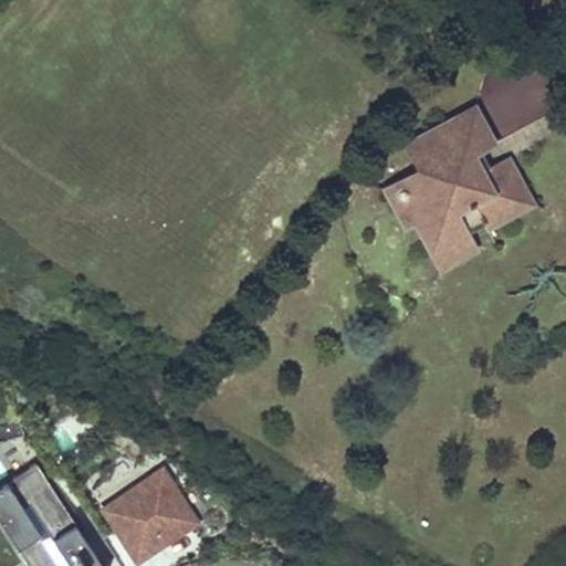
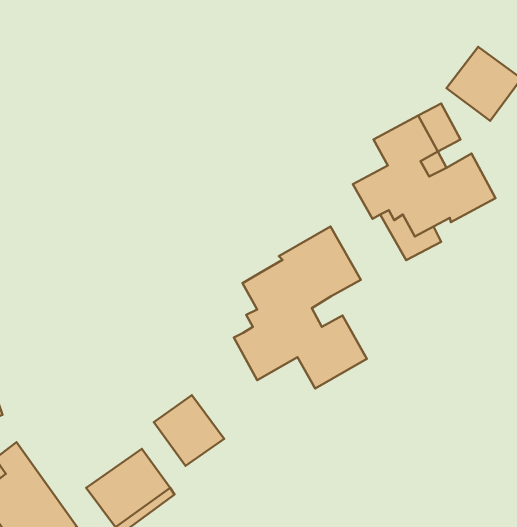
building: none -> [234,226,367,388]
building: none -> [154,395,224,466]

